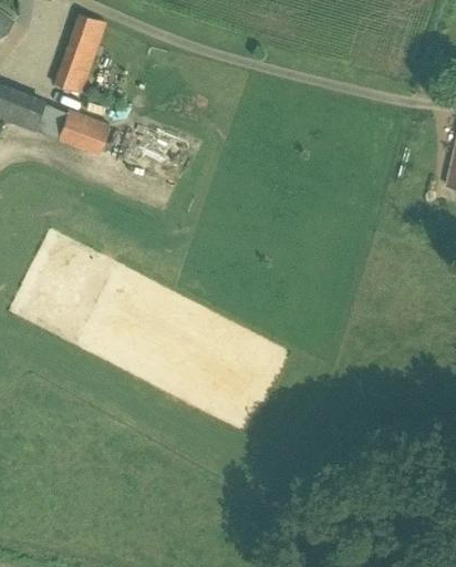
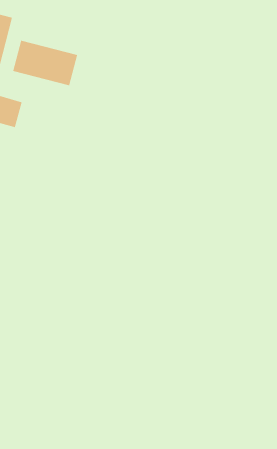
building: none -> [12,40,78,86]

